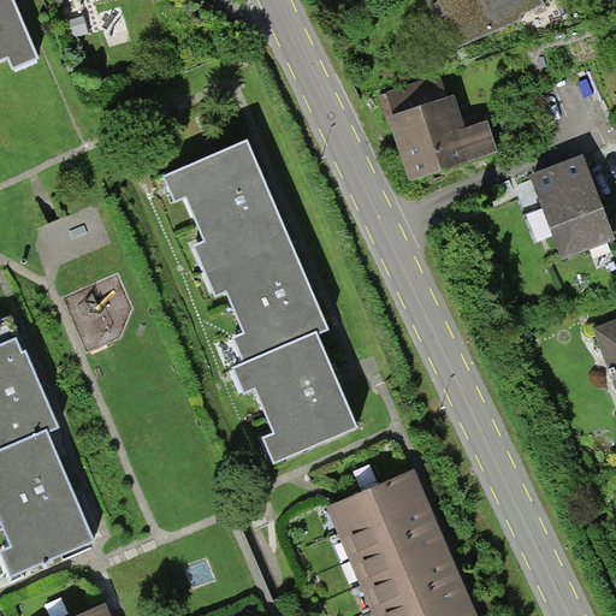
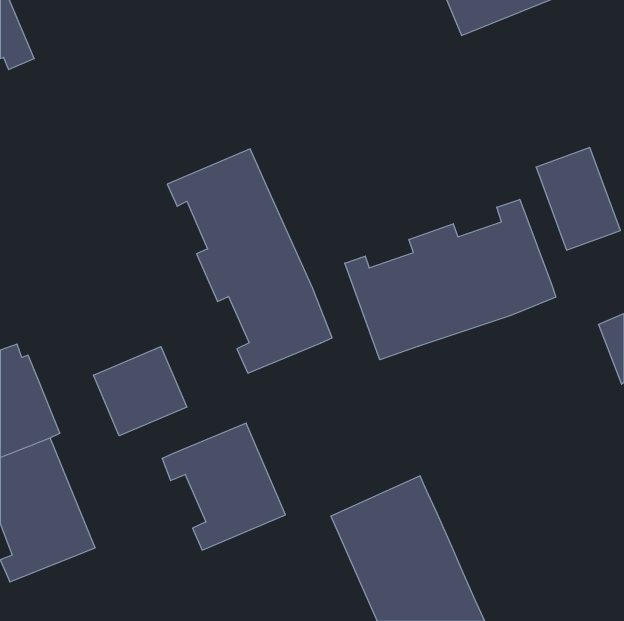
building: [384,76,494,179] -> none
building: none -> [345,199,556,360]
building: [233,338,355,463] -> [162,423,285,550]
building: none -> [93,347,187,436]

